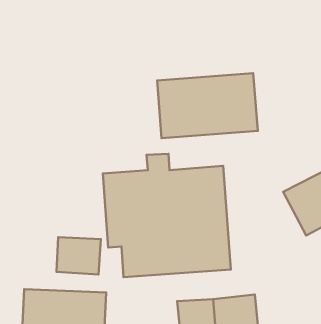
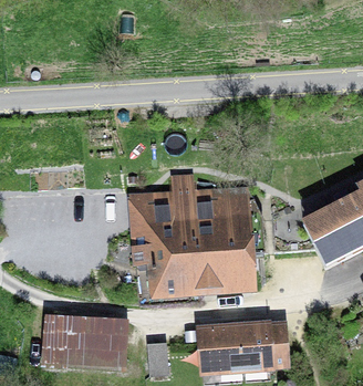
building: [157,73,258,138] -> none
building: [57,237,101,275] -> none

